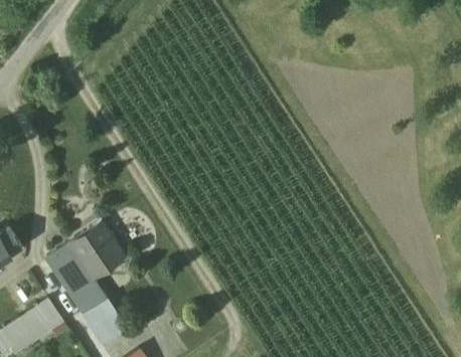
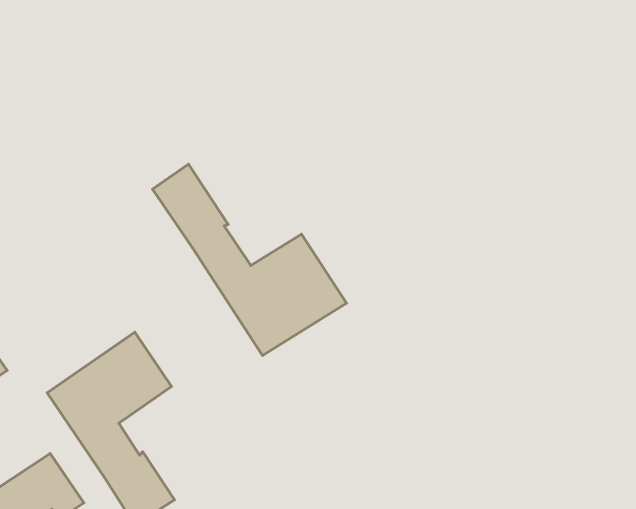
building: none -> [152,164,346,356]

